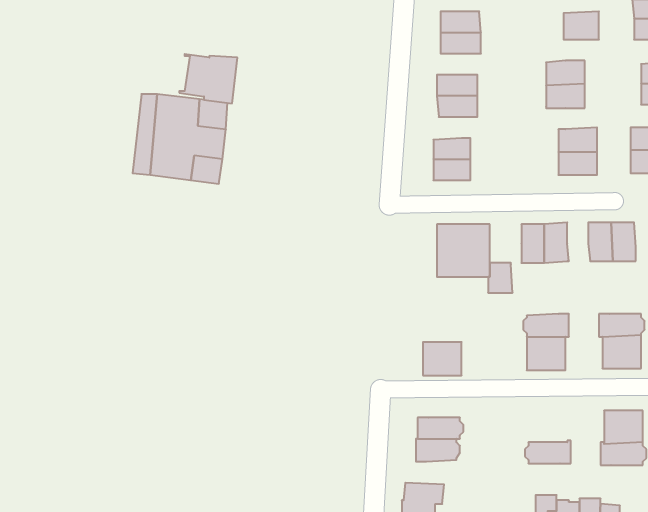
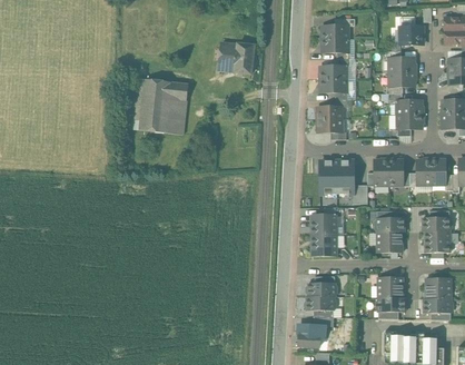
building: [179,54,237,103] -> [218,42,255,73]
building: none -> [311,214,336,235]
building: none -> [372,277,403,298]

